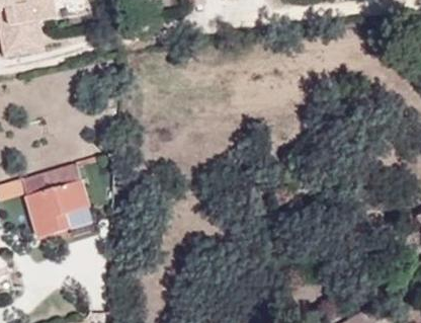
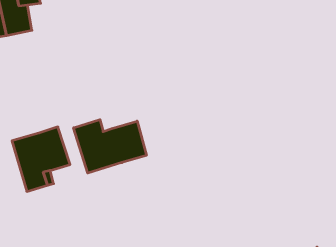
building: none -> [74,120,146,173]

